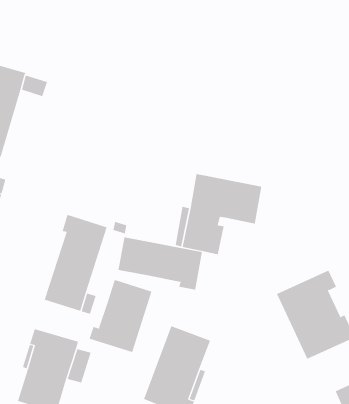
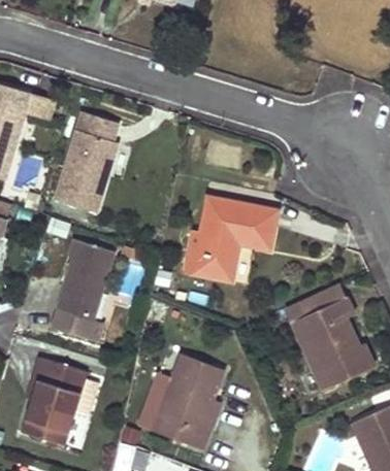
building: none -> [55,111,116,212]
building: [118,237,202,291] -> none
building: [89,279,152,353] -> none

